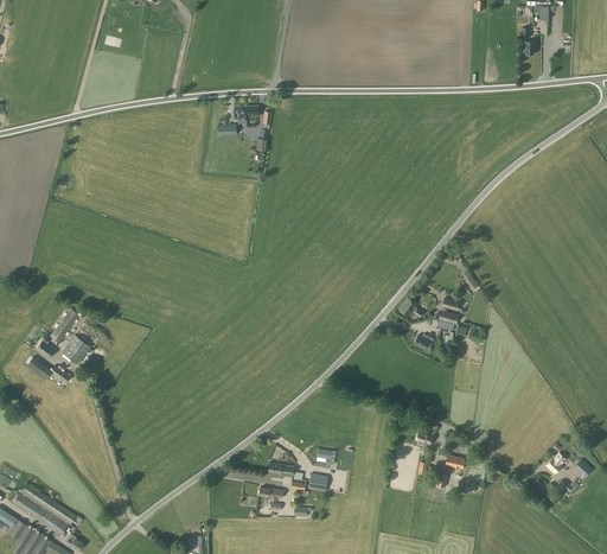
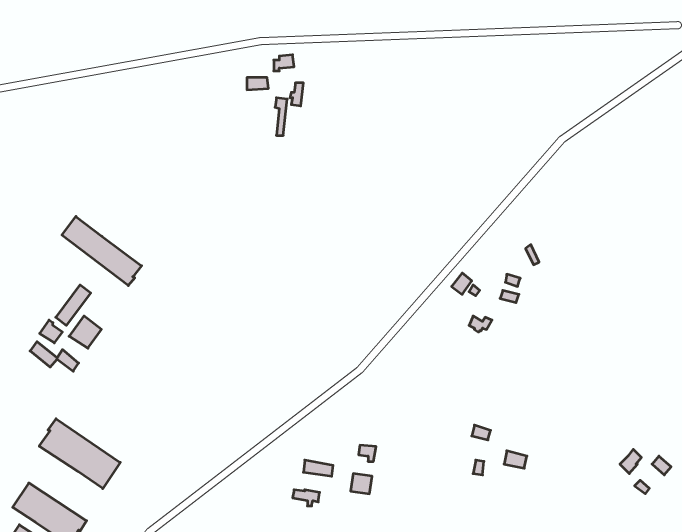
building: none -> [62,216,142,286]
building: none -> [39,419,120,489]

